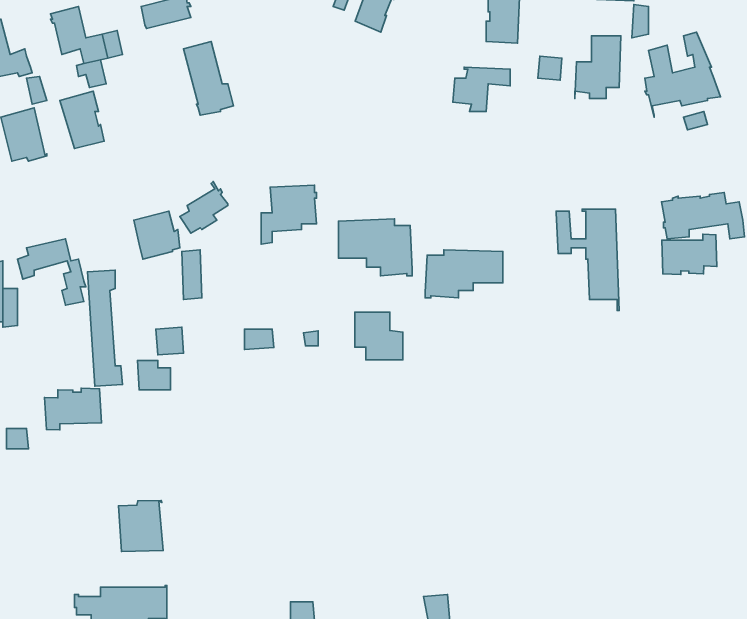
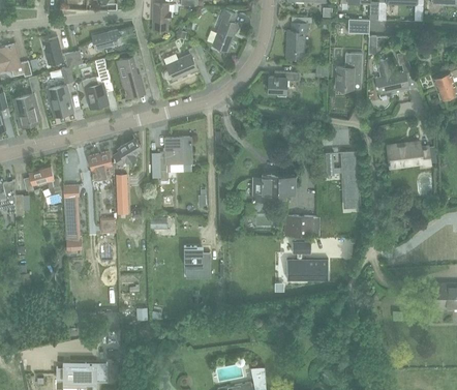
building: none -> [162,50,200,81]
building: none -> [83,58,113,108]
building: [339,219,412,276] -> none
building: [662,234,717,275] -> none
building: [355,312,403,360] -> [183,246,210,273]
building: none -> [284,216,318,236]
building: none -> [286,242,327,280]
building: [45,388,101,430] -> none
building: [119,501,163,552] -> none

